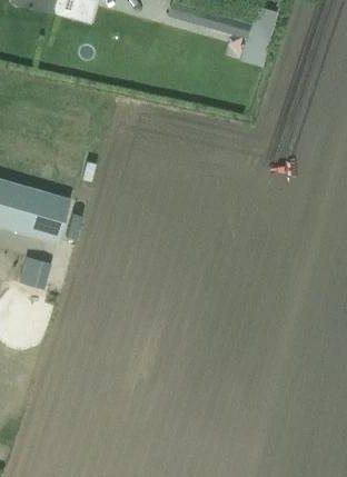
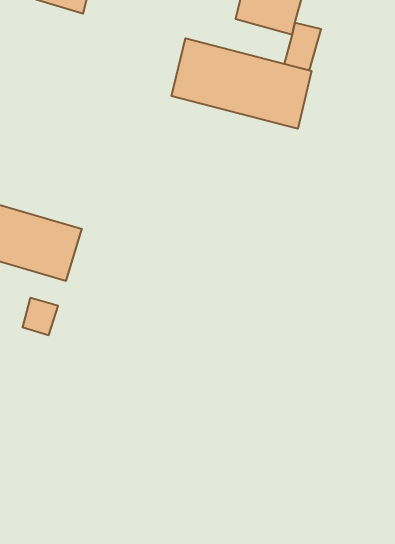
building: none -> [171,38,312,129]

